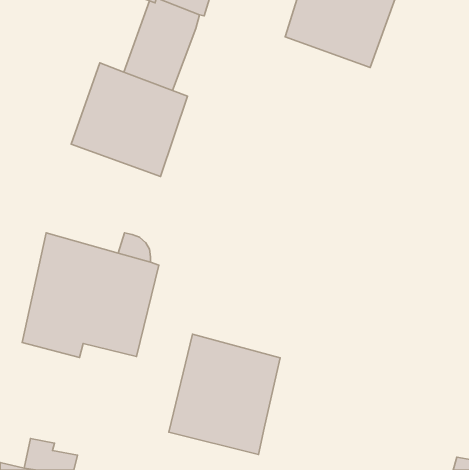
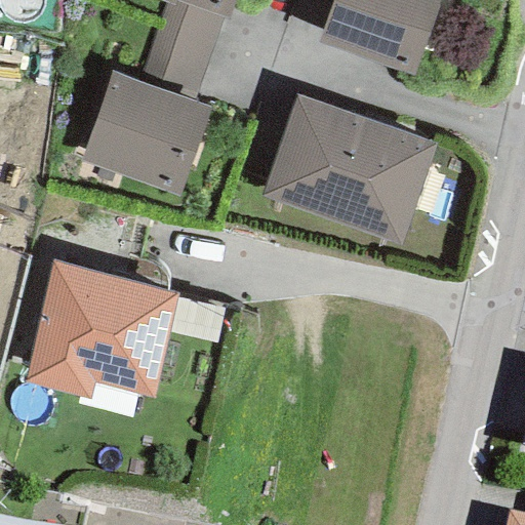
building: none -> [264,93,439,244]
building: [169,334,280,455] -> none

